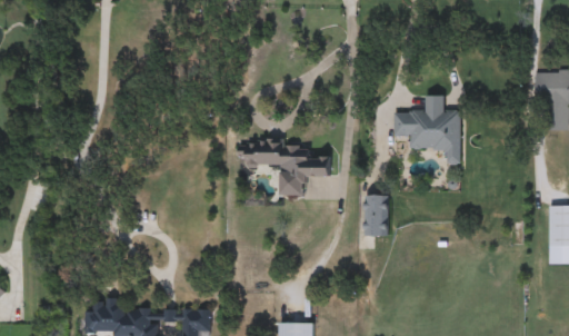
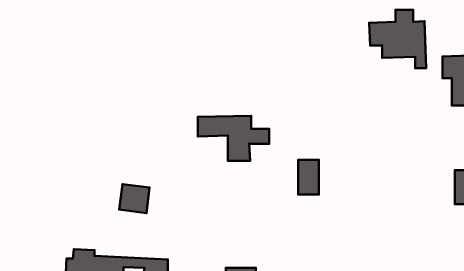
building: [395,96,462,165] -> [369,10,426,68]
building: none -> [119,184,150,213]

